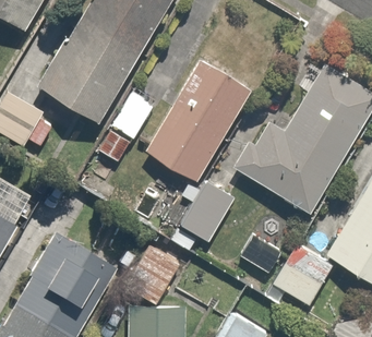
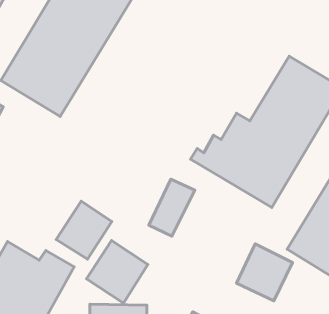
building: [139,52,259,183] -> none
building: none -> [56,201,112,259]

